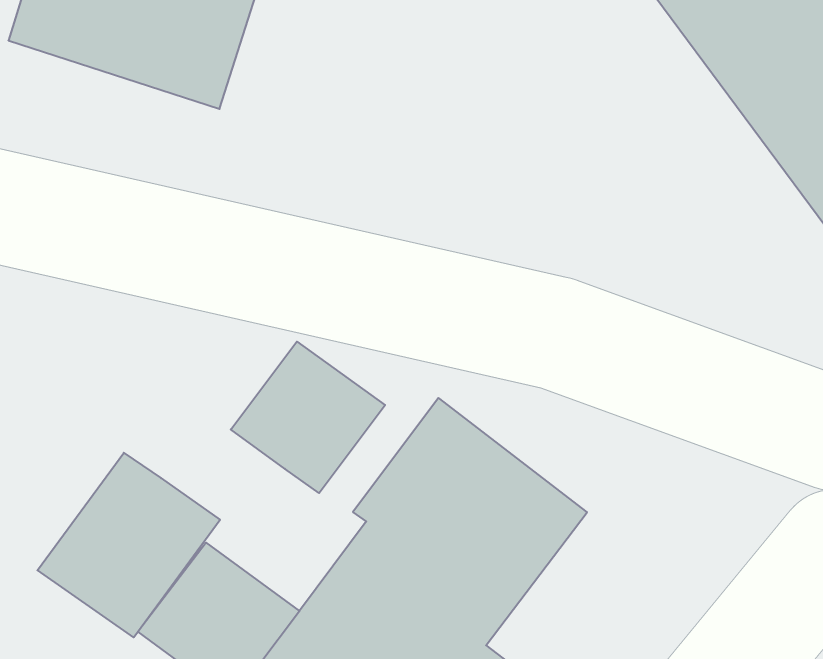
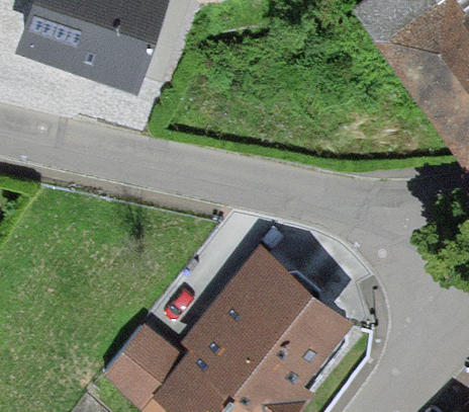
building: [231,342,385,493] -> none
building: [37,453,220,637] -> none

